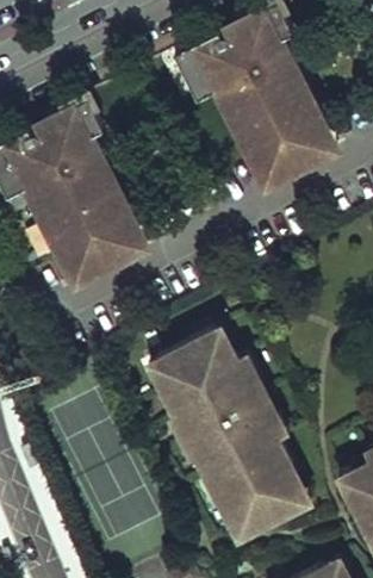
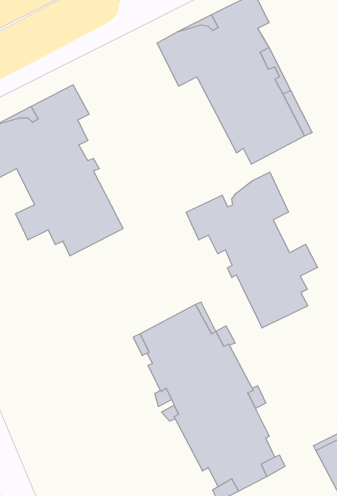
building: none -> [186,172,318,328]

